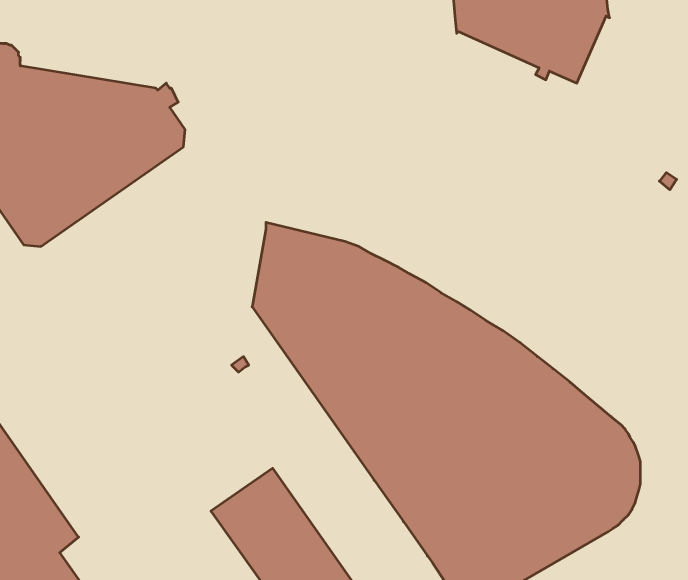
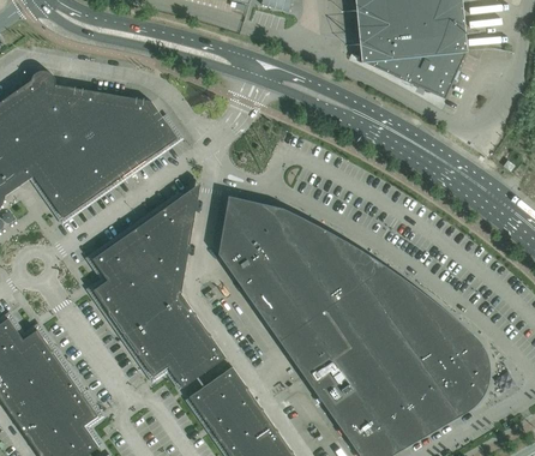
building: none -> [92,184,226,388]

